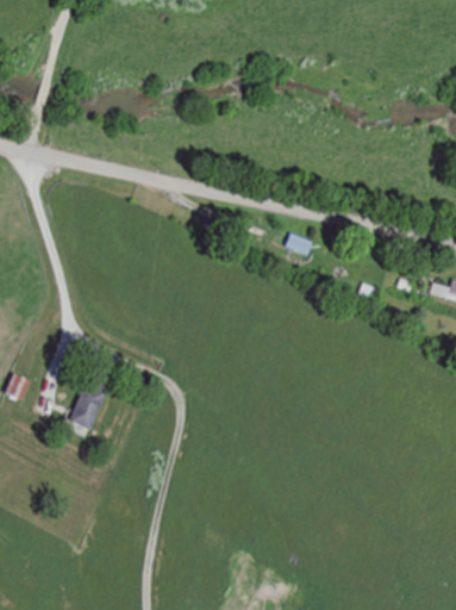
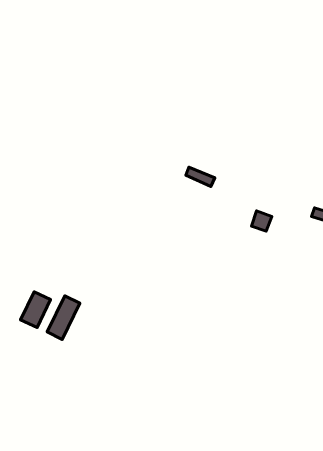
building: none -> [47,296,80,339]

